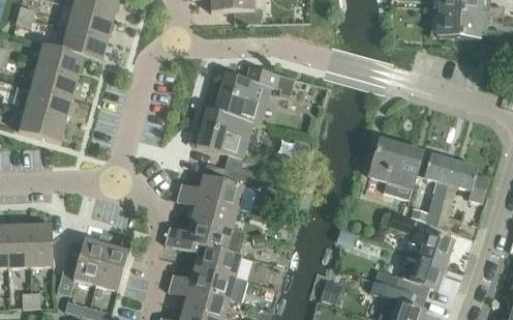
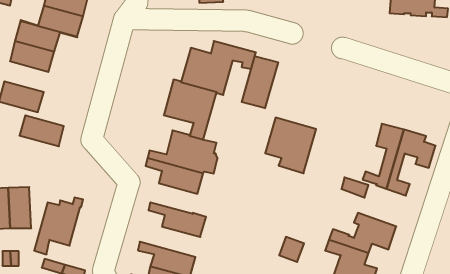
building: none -> [242,56,278,108]
building: [24,87,71,120] -> [19,115,64,146]
building: [368,139,423,199] -> [265,118,316,173]
building: [167,219,243,254] -> none
building: [404,223,454,265] -> none
building: [94,240,130,292] -> none
building: [170,265,245,301] -> none

